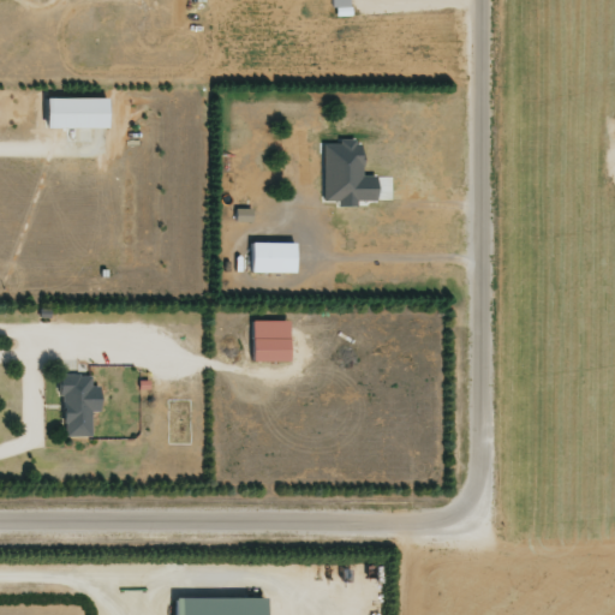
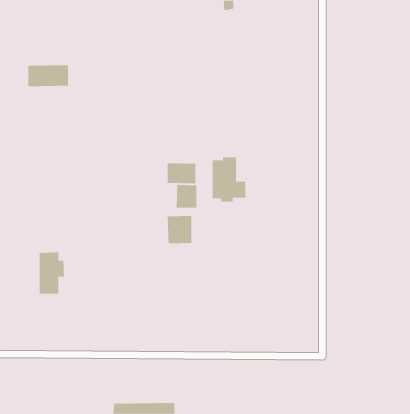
building: [327,138,378,205] -> [212,157,247,202]
building: none -> [176,184,197,209]

